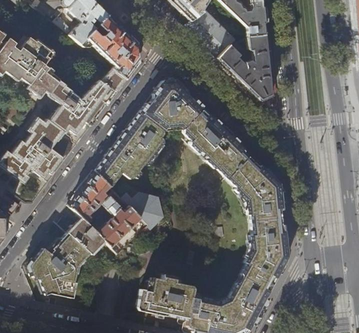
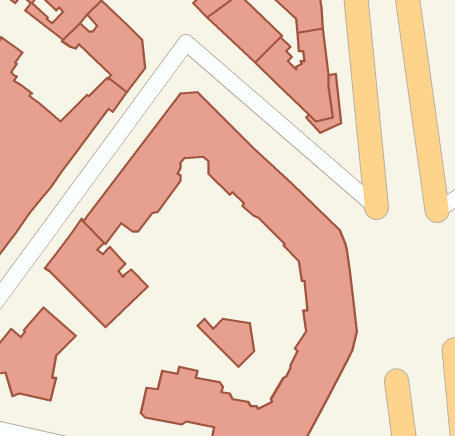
building: [121,194,161,228] -> [198,319,254,367]
building: [66,218,104,254] -> none

